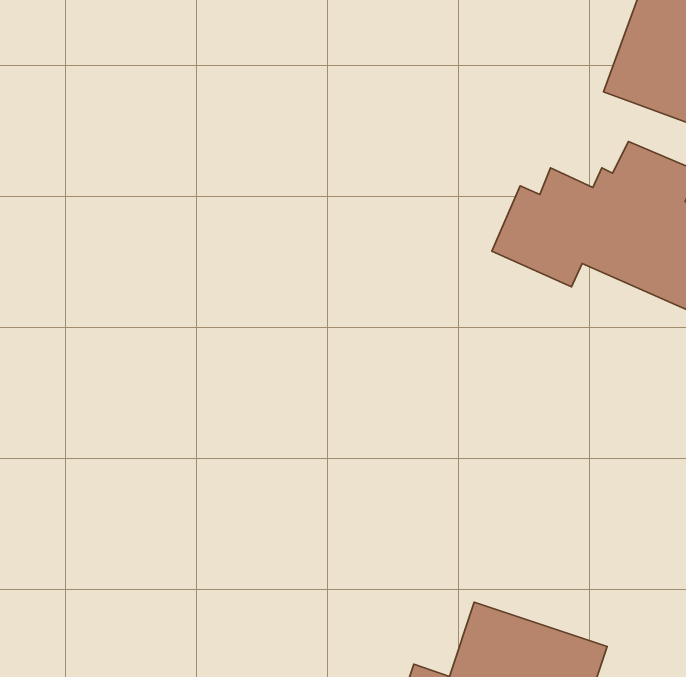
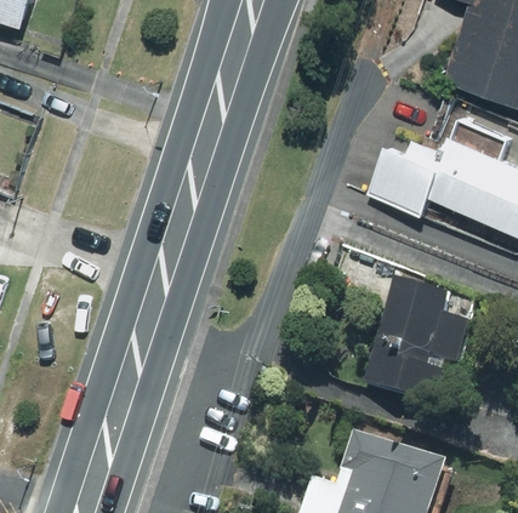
building: none -> [362,274,471,410]

